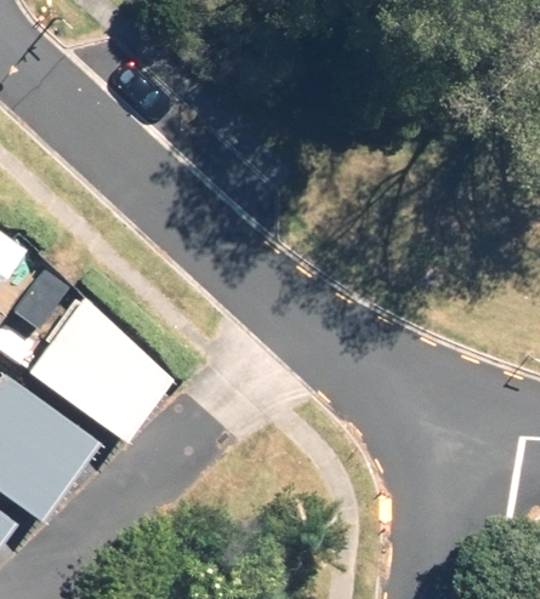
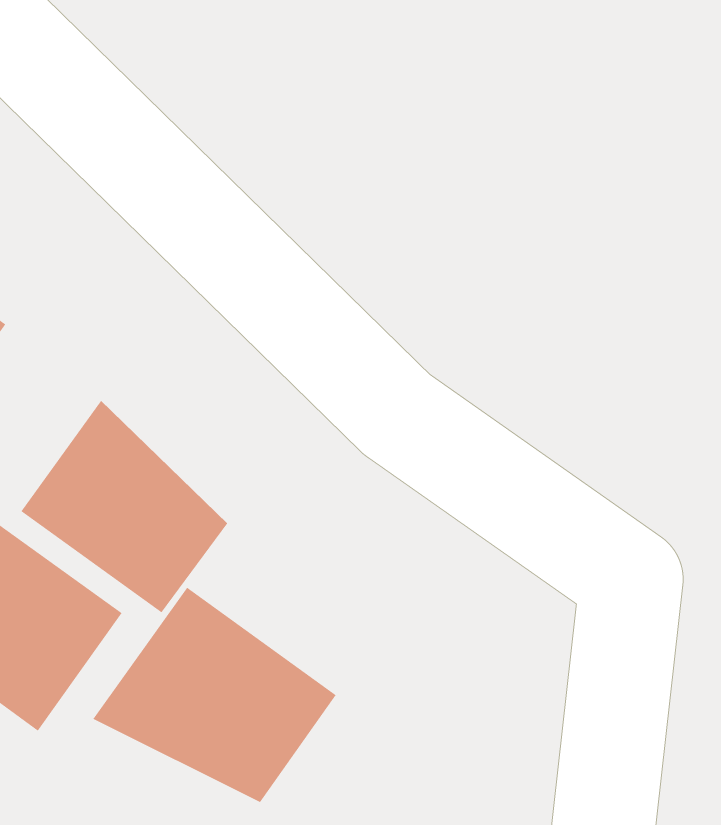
building: none -> [92,587,336,803]

